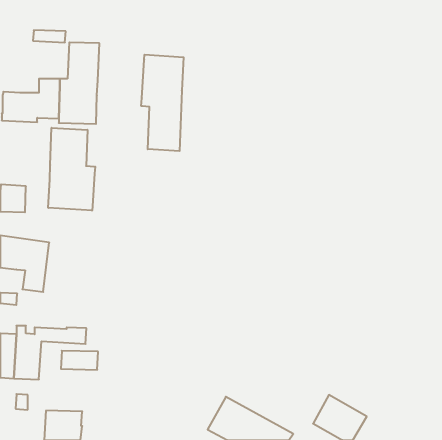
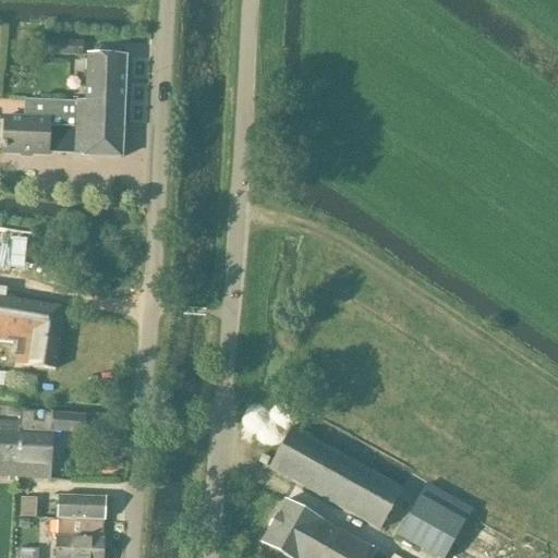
building: [141,55,184,151] -> none
building: [48,128,95,211] -> none
building: none -> [268,425,402,527]
building: [61,351,98,370] -> [58,494,105,518]

